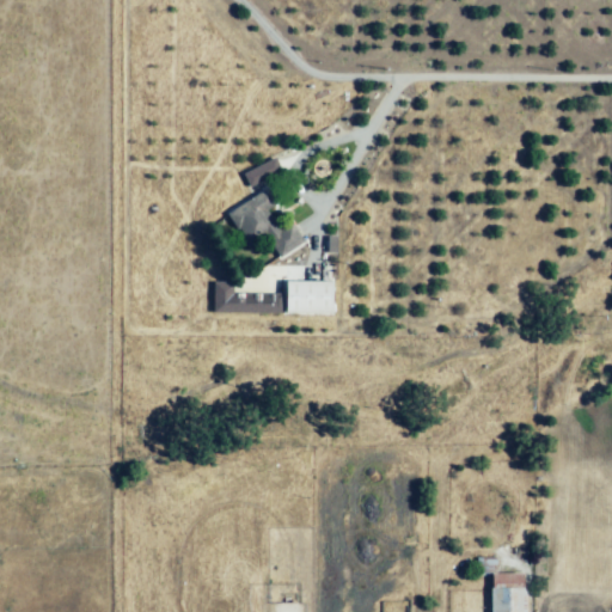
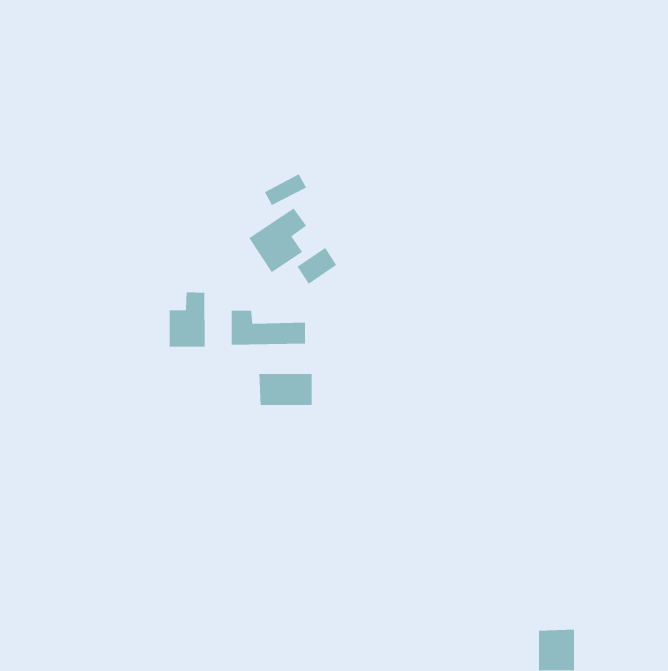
building: none -> [169,291,206,348]
building: [286,282,335,312] -> [259,373,312,406]

